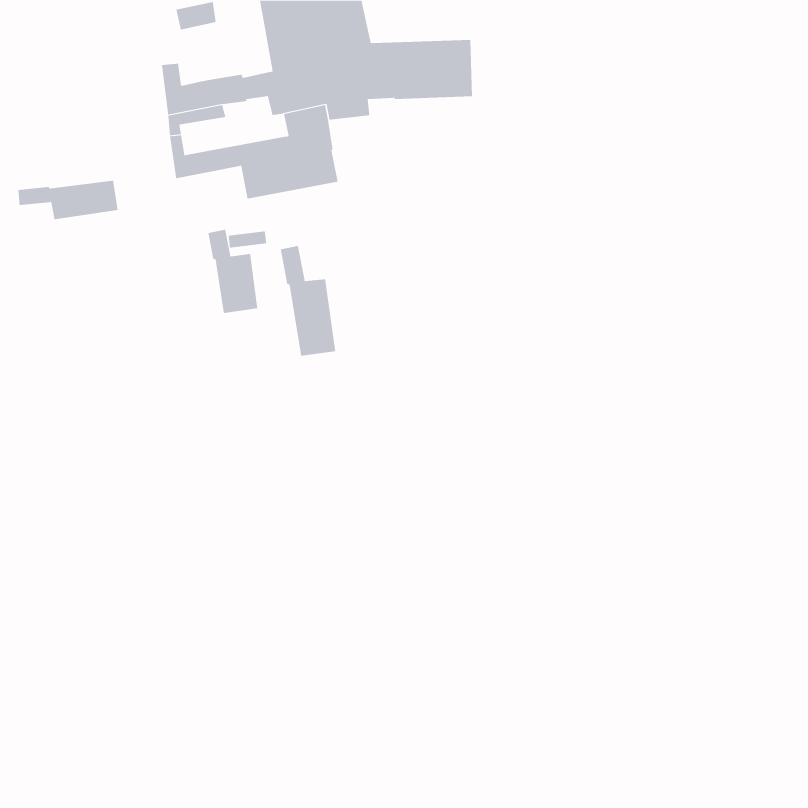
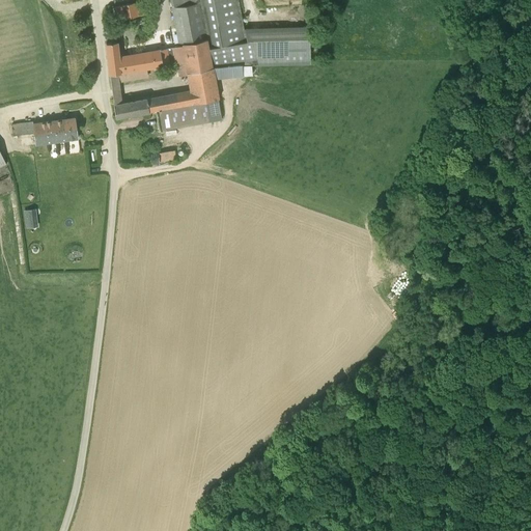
building: [208,229,258,314] -> none
building: [280,245,336,356] -> none

